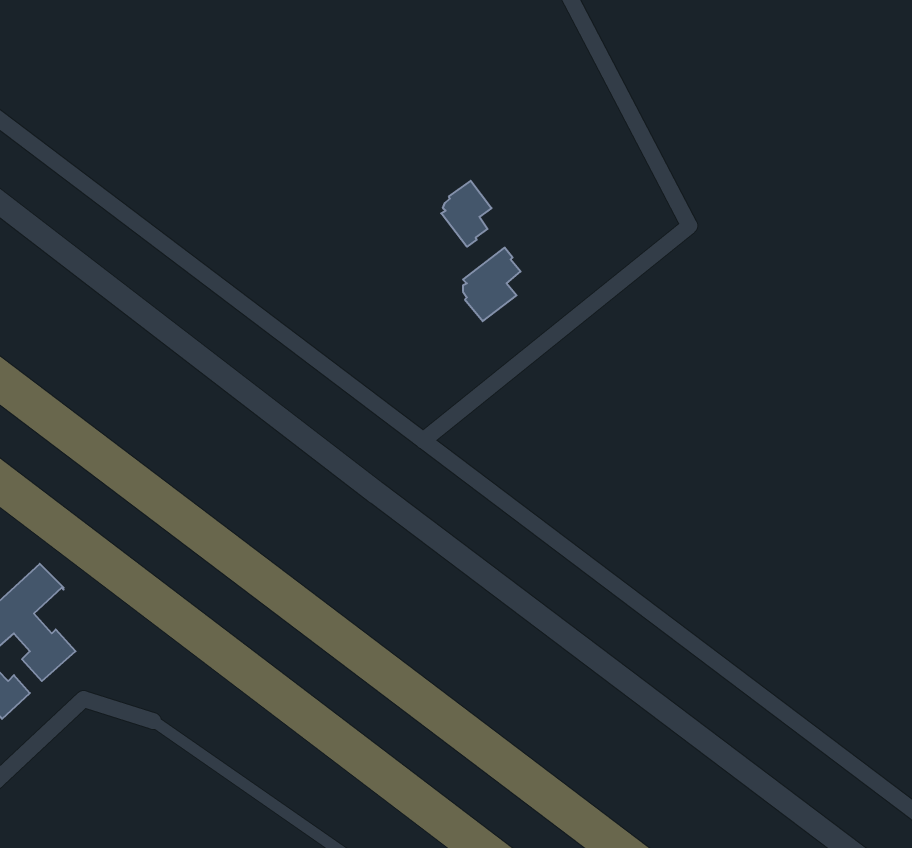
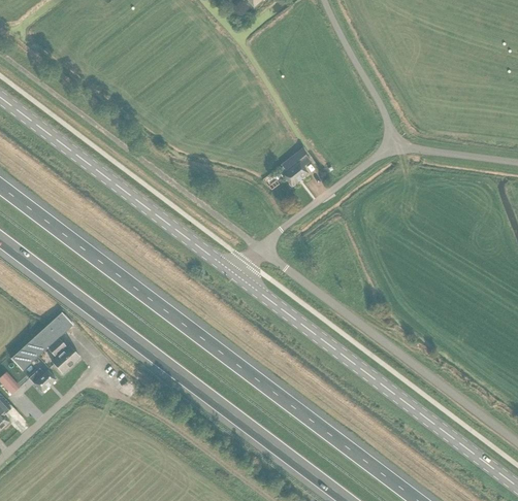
building: [441,181,492,247] -> none

